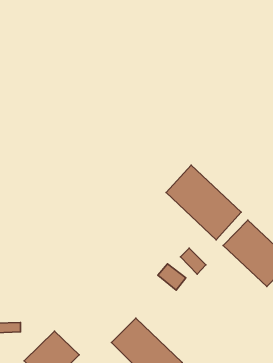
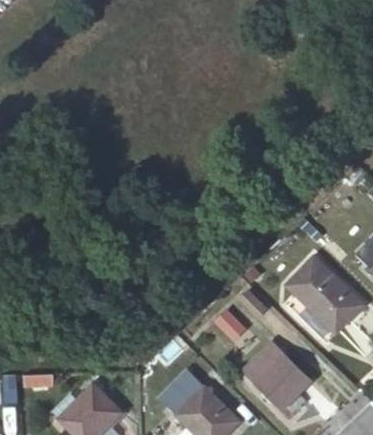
building: [166,165,241,240] -> none
building: none -> [243,342,311,409]

